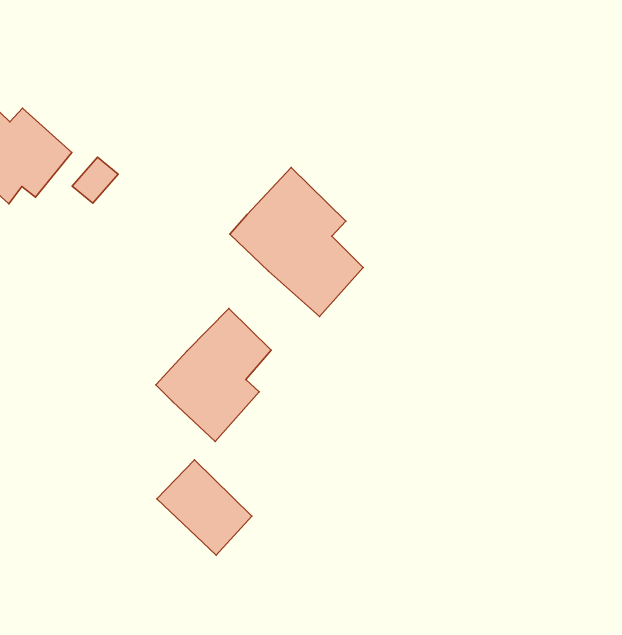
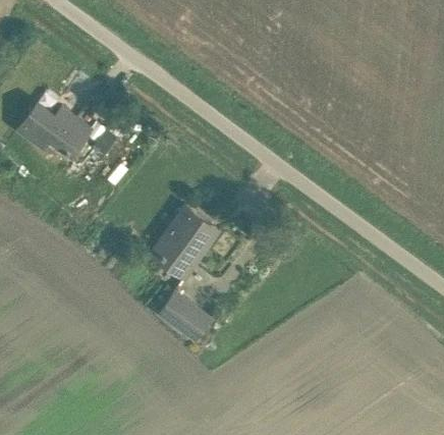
building: [230,168,363,317] -> none

